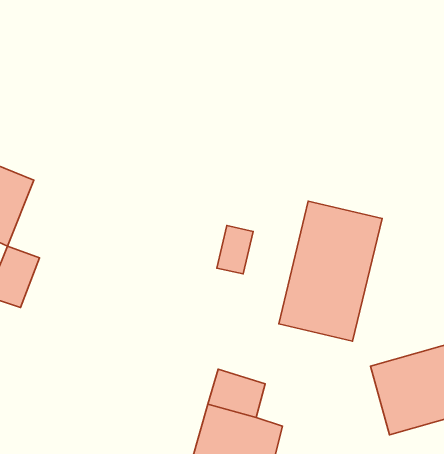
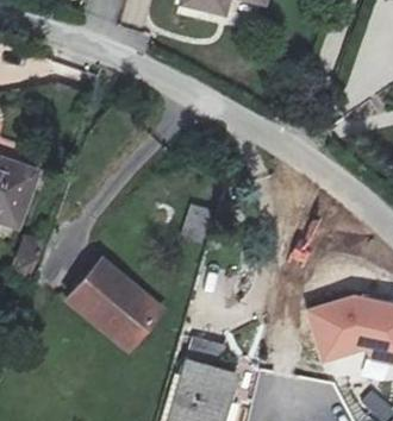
building: [279,201,382,341] -> none
building: none -> [62,257,158,348]

